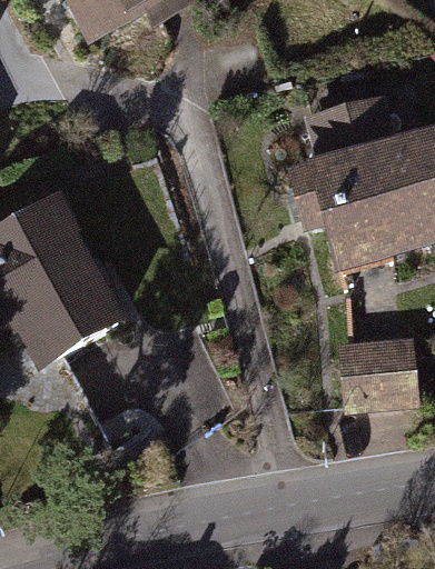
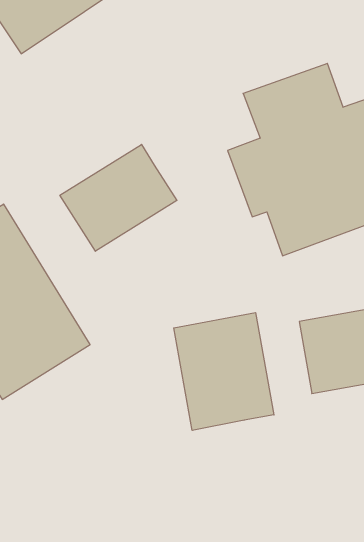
building: none -> [60,144,177,251]
building: none -> [174,313,274,430]

